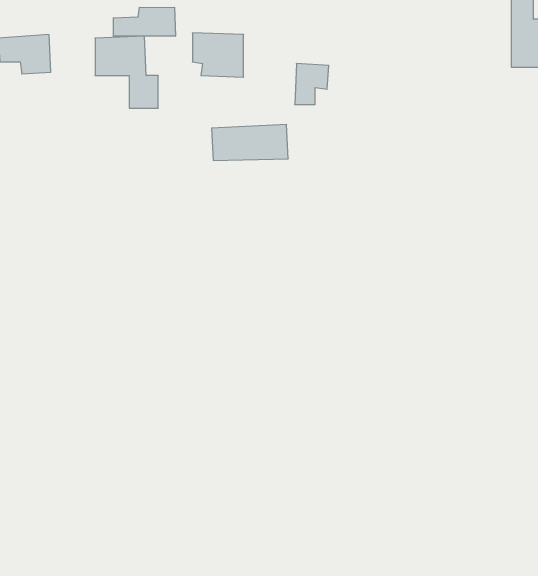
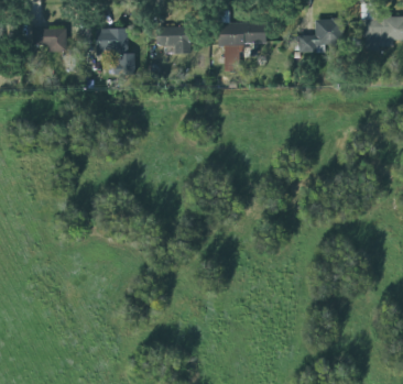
building: [113,7,175,36] -> none
building: none -> [297,19,340,53]
building: [212,125,288,160] -> [217,21,266,44]

